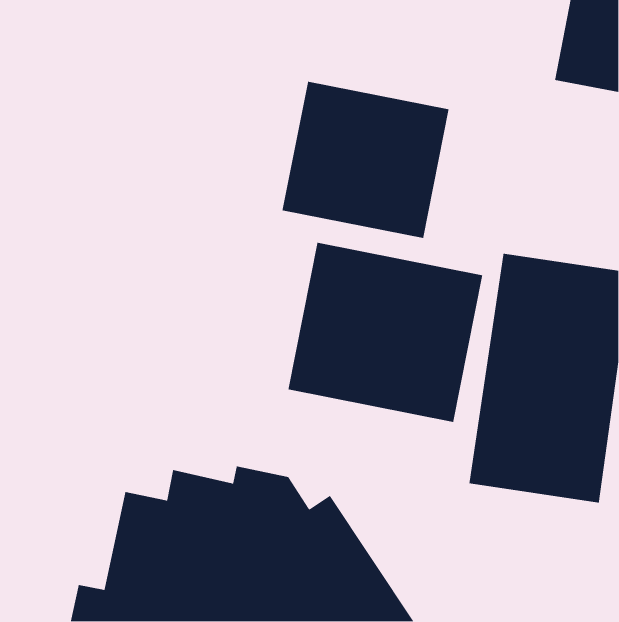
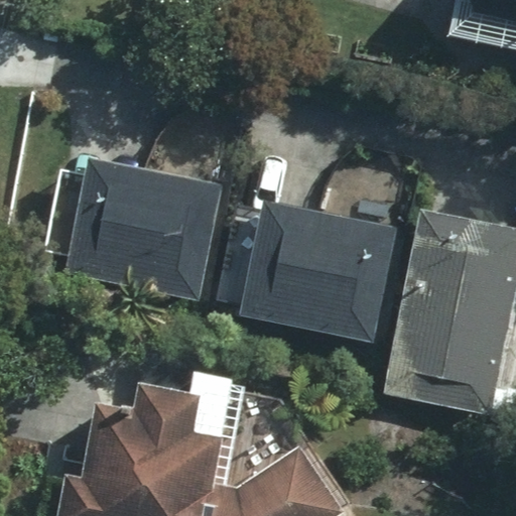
building: [282,81,450,239] -> none
building: none -> [59,163,227,299]

